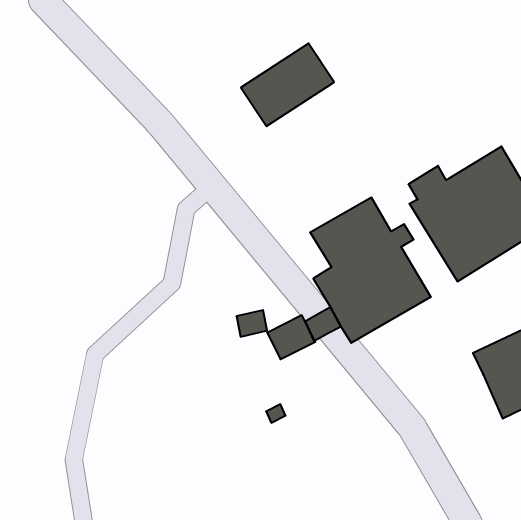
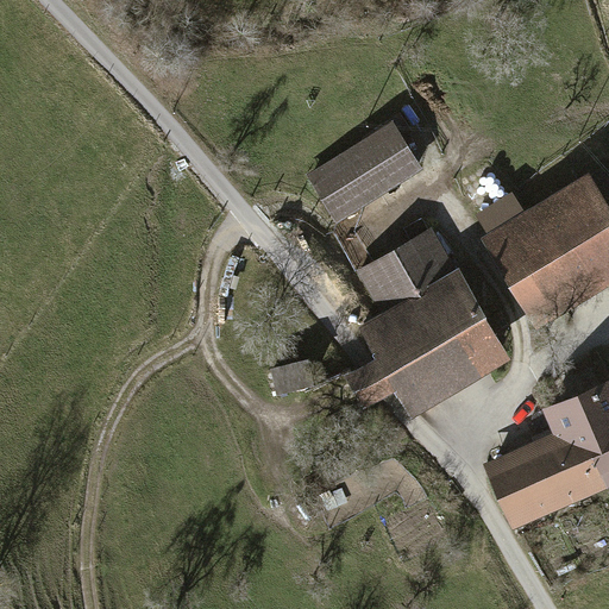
building: [241,43,334,126] -> [308,125,416,221]
building: none -> [492,439,586,521]

